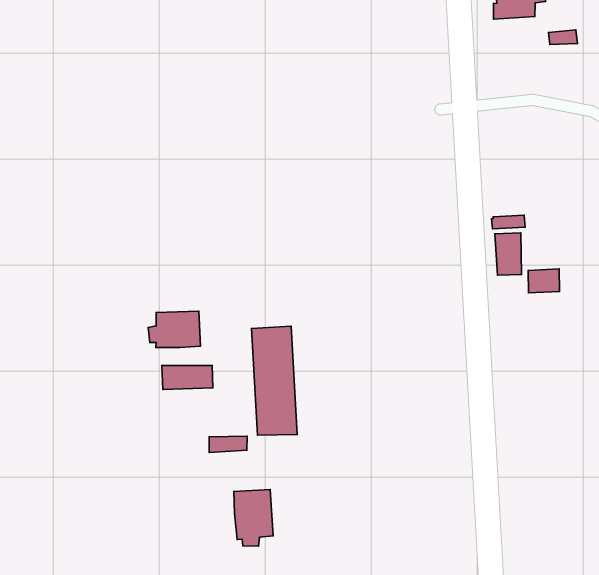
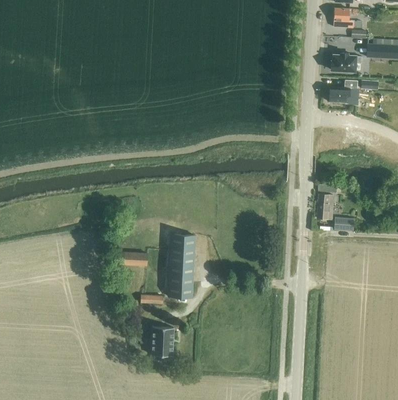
building: none -> [329,80,357,105]
building: [148,311,200,348] -> none

